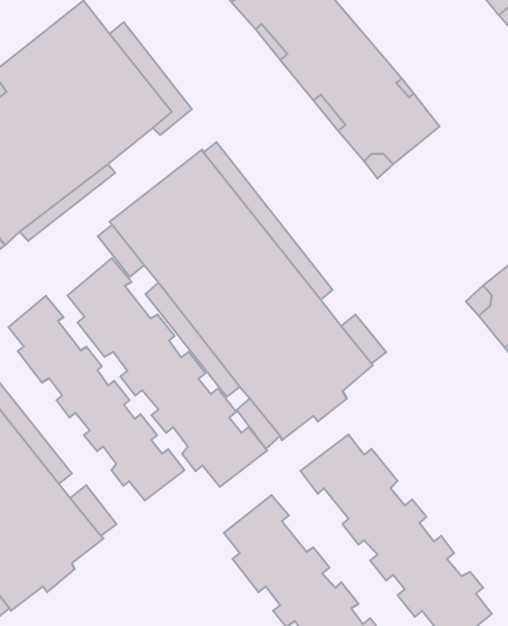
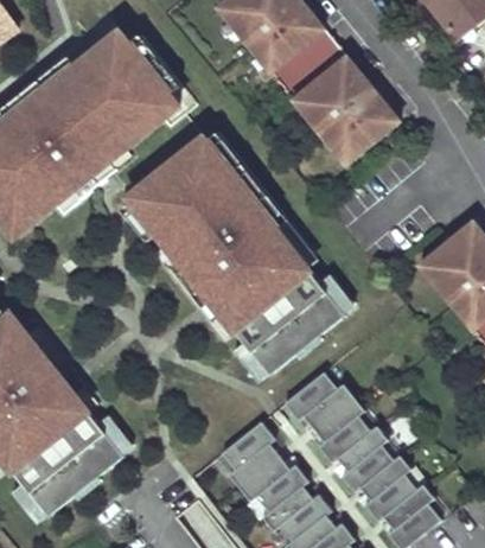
building: [67,258,267,487] -> none
building: [8,296,185,500] -> none

